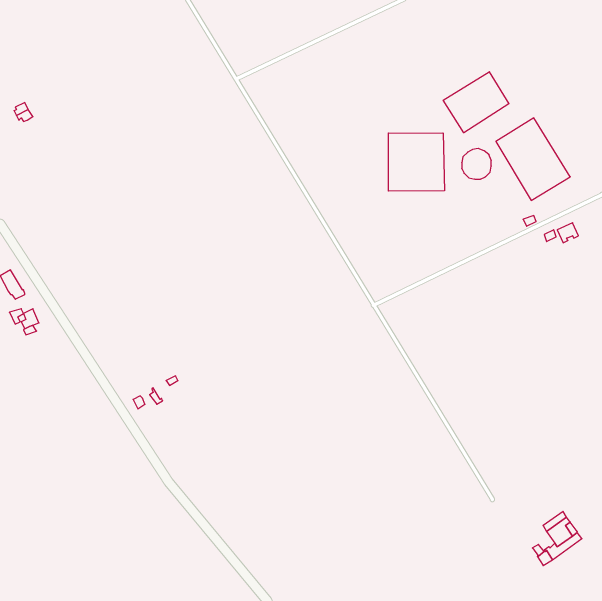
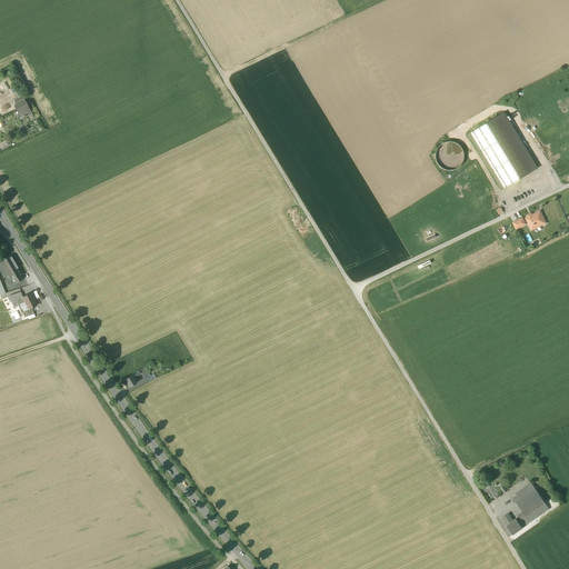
building: [443,72,509,133] -> none
building: [388,133,444,191] -> none

